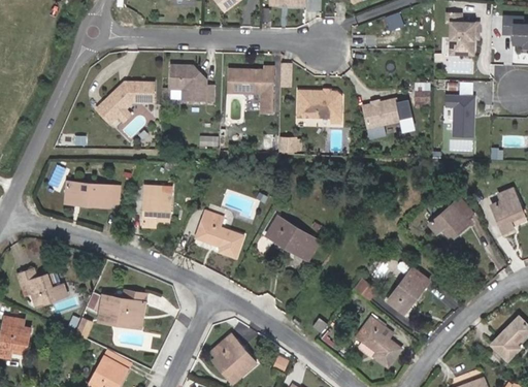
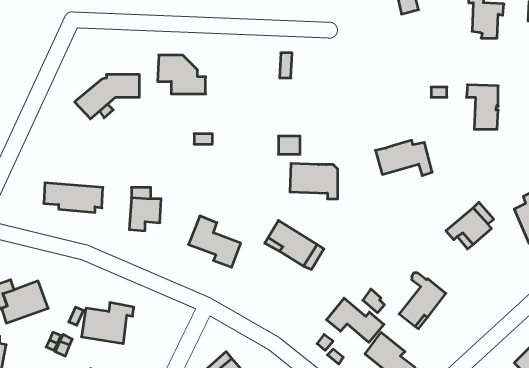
building: [227,67,272,114] -> none
building: [296,90,339,122] -> [290,163,338,199]
building: [362,97,414,129] -> [375,140,432,176]
building: none -> [326,298,384,342]

